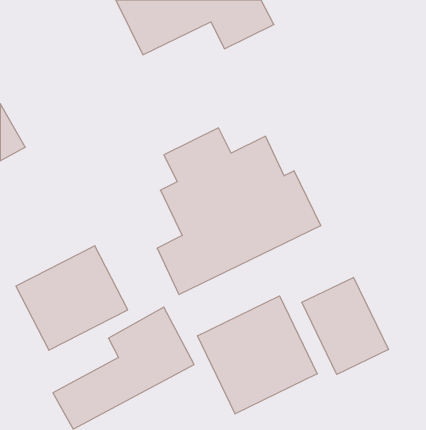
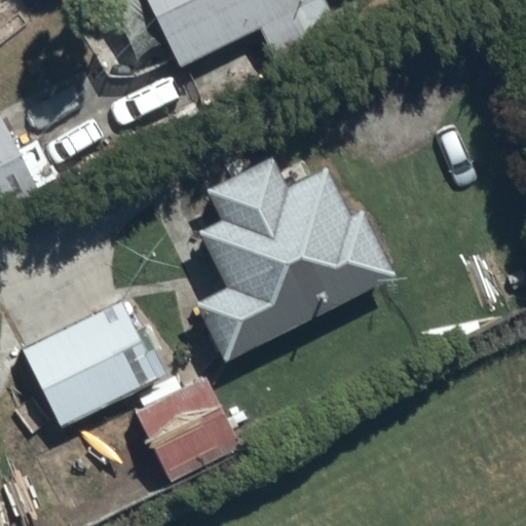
building: [302,277,388,374] -> none
building: [197,296,317,414] -> none

